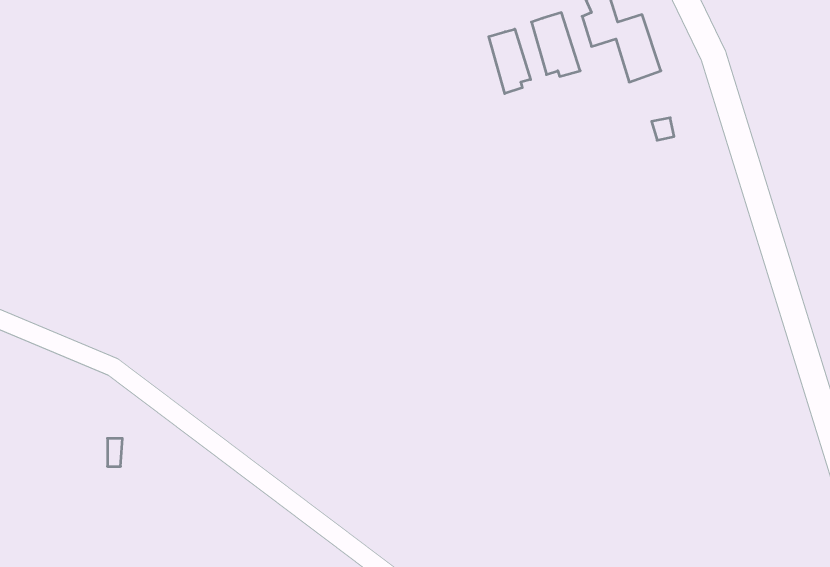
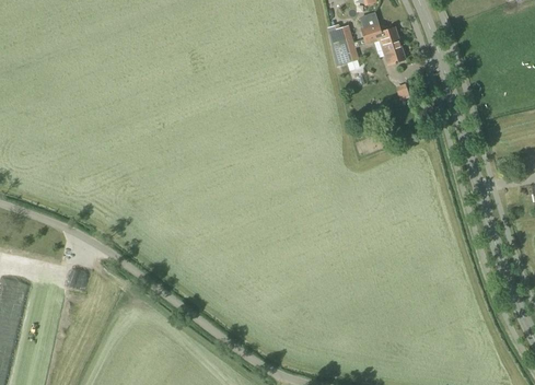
building: [489,29,531,94] -> none

